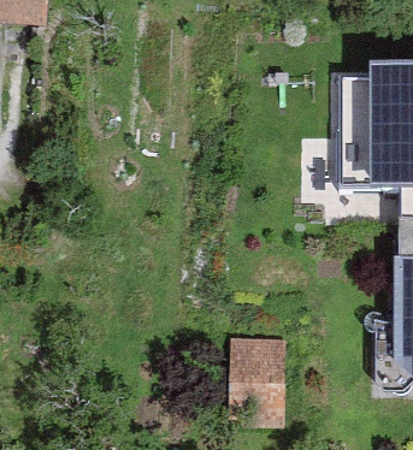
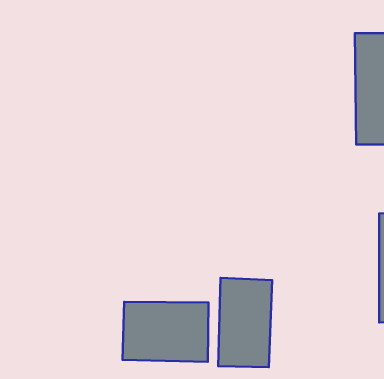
building: none -> [122,302,208,362]

